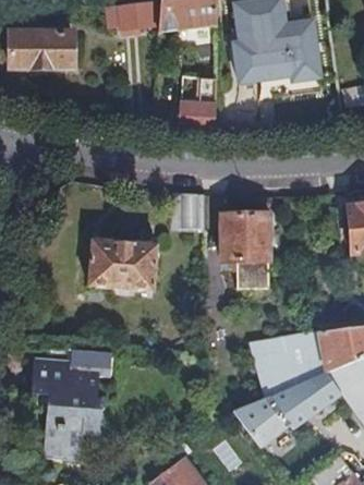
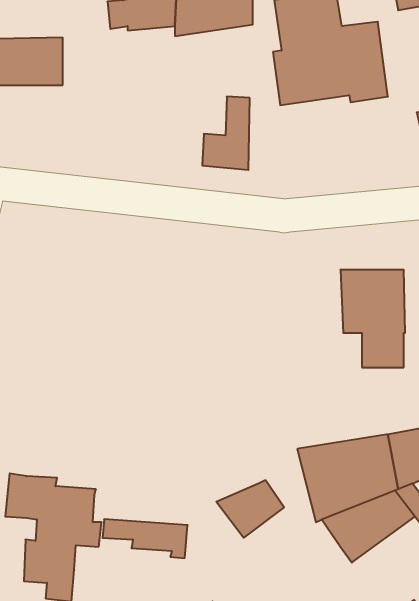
building: [180,194,208,230] -> none
building: [220,215,269,289] -> [340,270,405,367]
building: [87,241,157,292] -> none
building: [47,349,111,378] -> [103,519,188,558]
building: [233,396,284,439] -> [216,480,284,538]

